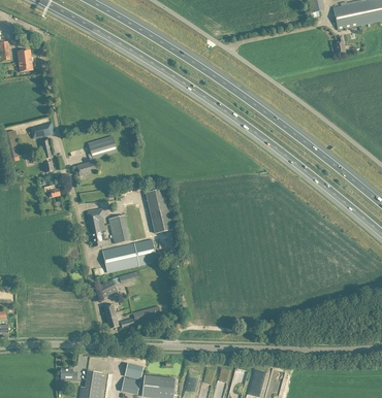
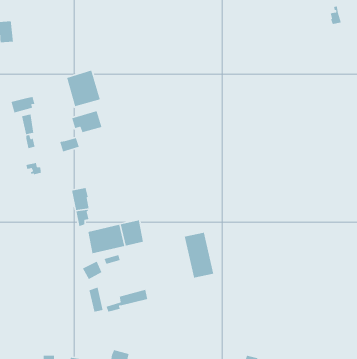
building: none -> [66,69,101,107]
building: [146,188,174,232] -> [184,232,214,278]
building: [108,214,129,243] -> none

